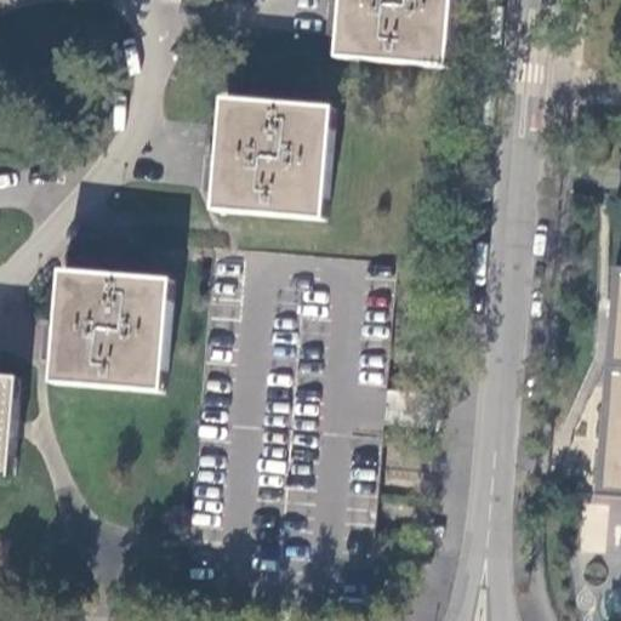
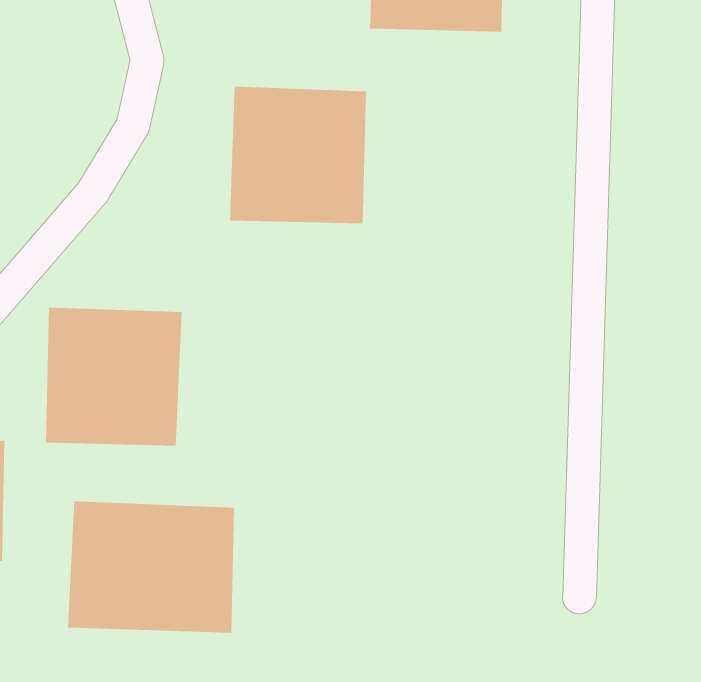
building: none -> [68,500,235,634]

